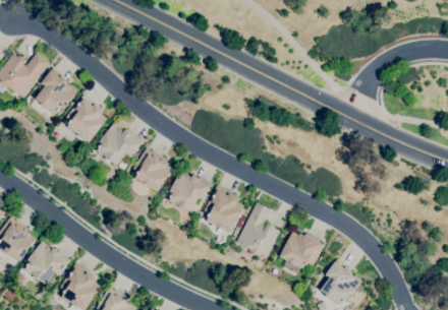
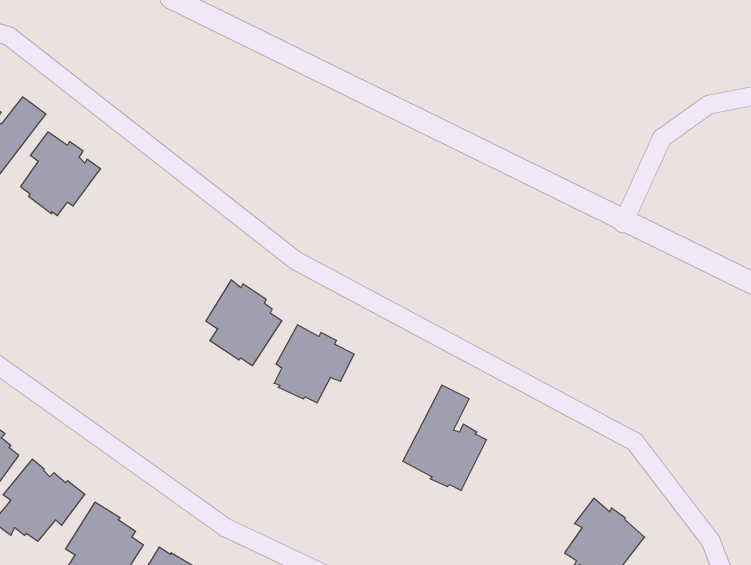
building: [67,95,108,143] -> none
building: [97,124,142,167] -> none
building: [204,186,244,233] -> none
building: [280,233,324,270] -> none

